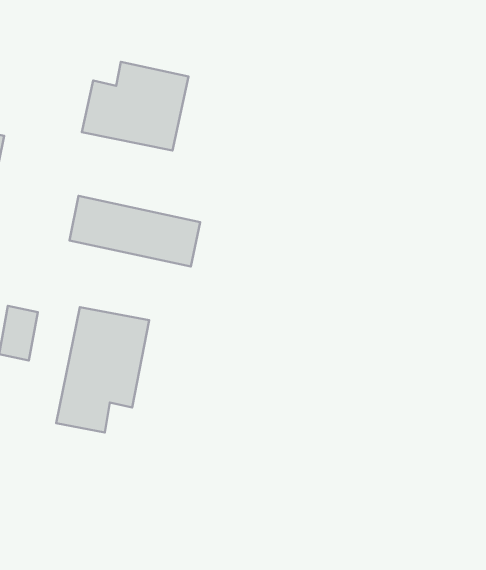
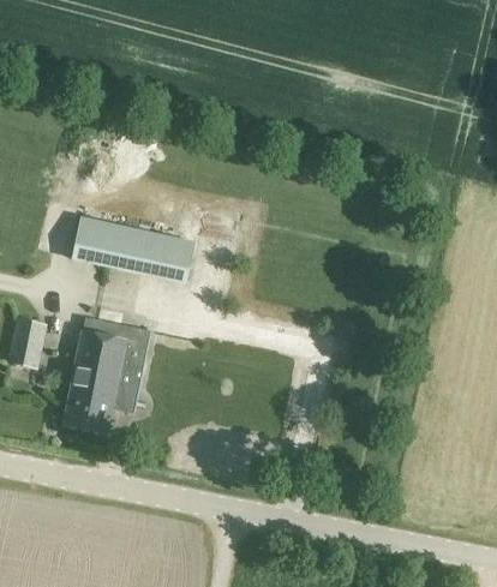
building: [82,62,189,150] -> none

